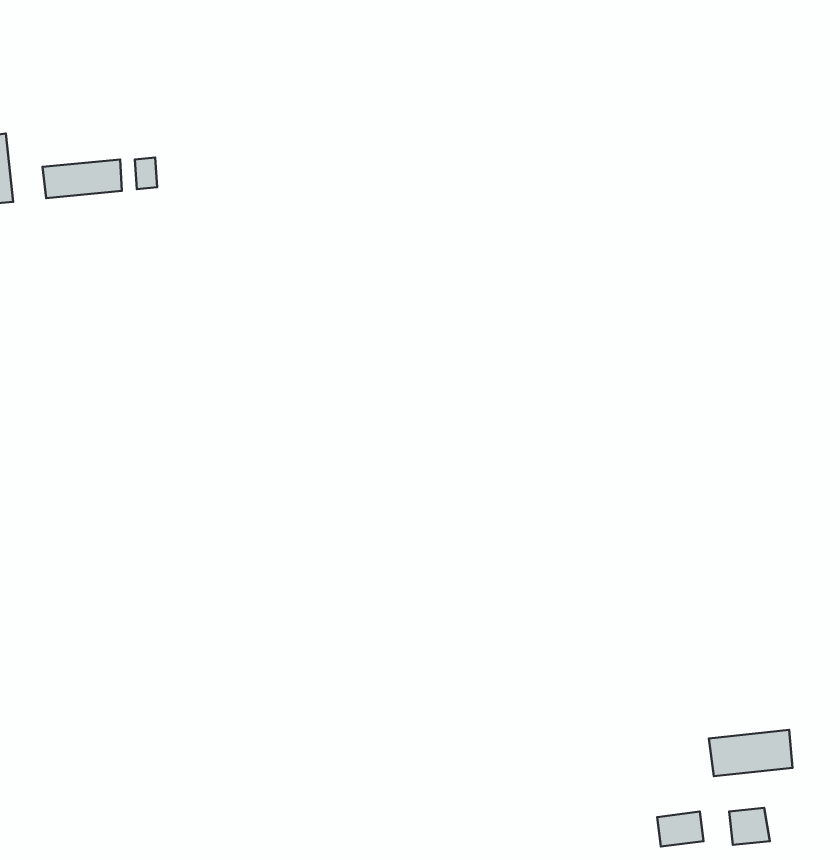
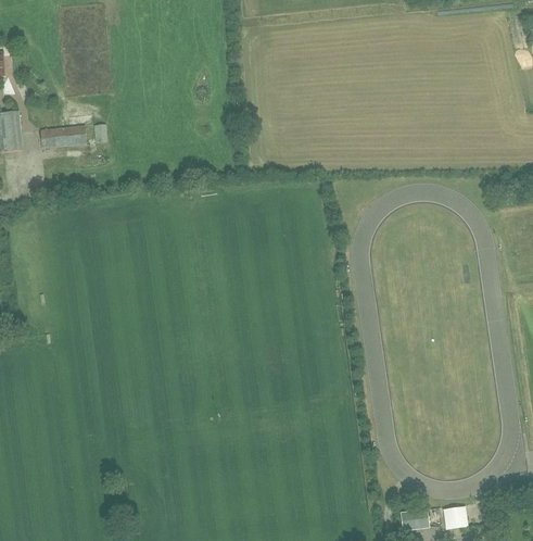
building: [709,730,792,776] -> none

